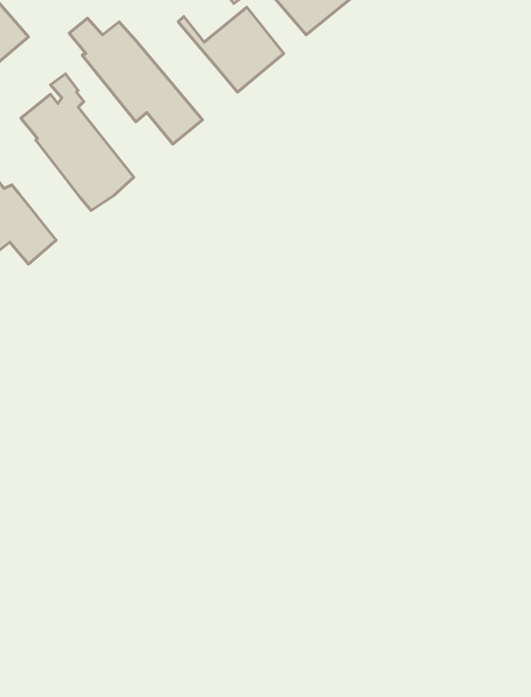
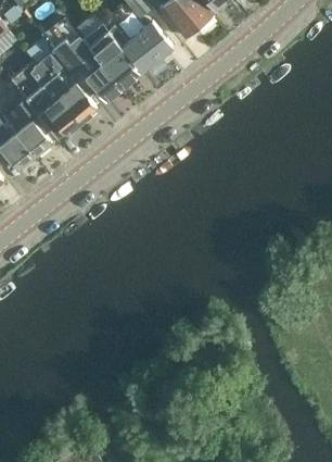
building: none -> [82,24,137,88]
building: none -> [41,53,95,122]
building: none -> [14,100,52,159]

